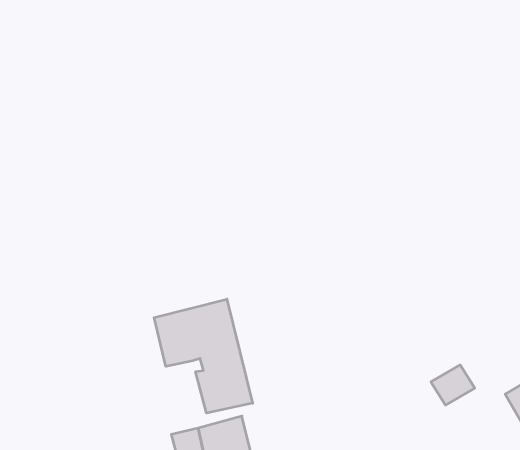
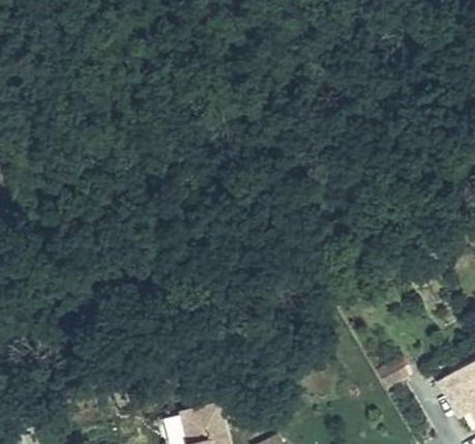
building: [154,299,253,413] -> none

